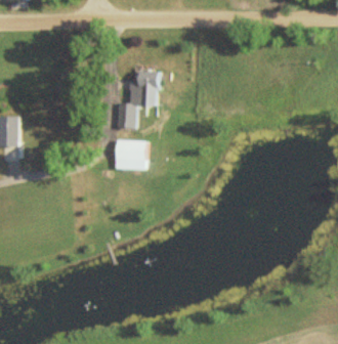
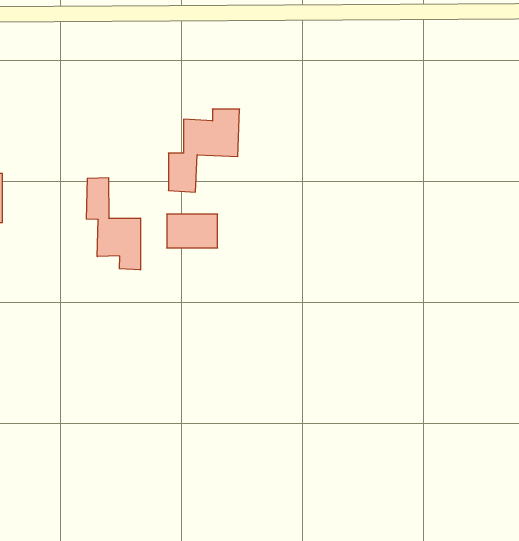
building: none -> [86,178,140,270]

